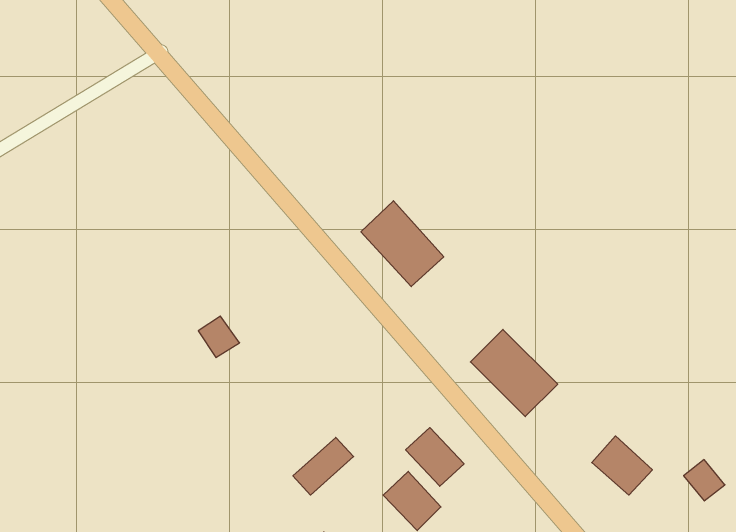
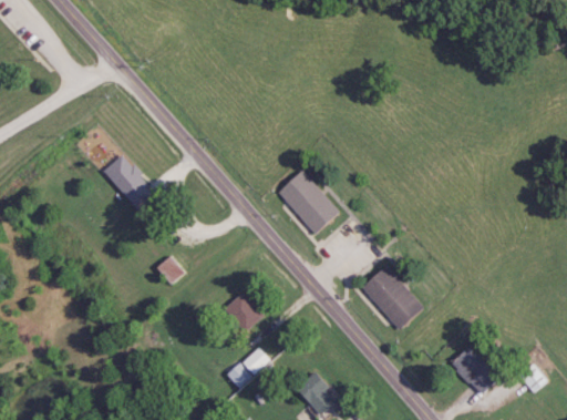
building: none -> [102,153,157,209]
building: none -> [224,293,262,331]
building: [406,428,464,486] -> none

